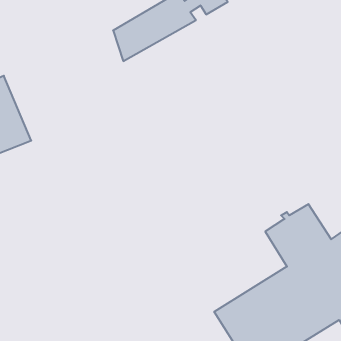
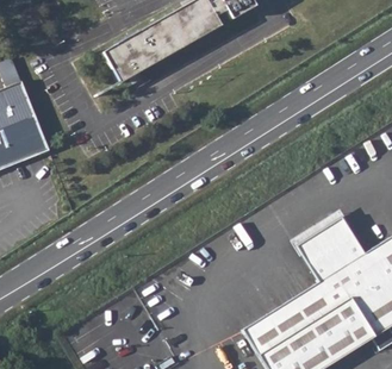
building: none -> [104,35,147,82]

